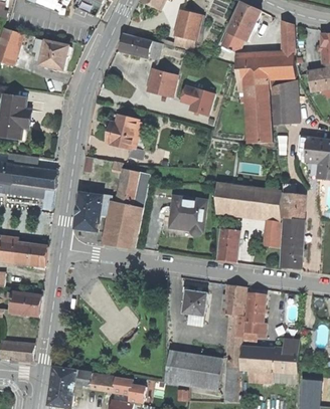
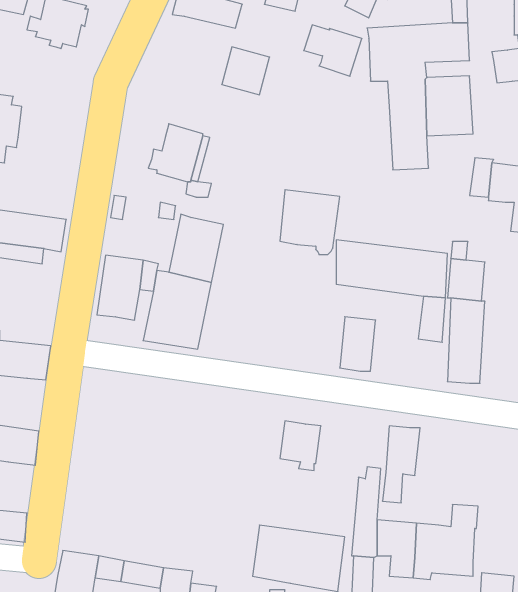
building: [179,85,213,116] -> [304,25,362,76]
building: [169,197,204,235] -> [280,190,340,255]
building: [223,284,244,315] -> none

